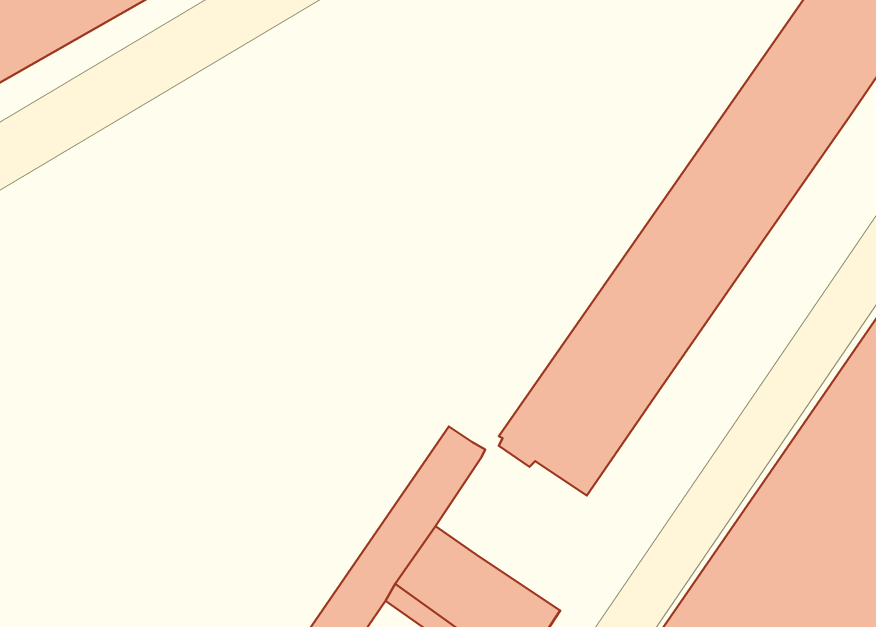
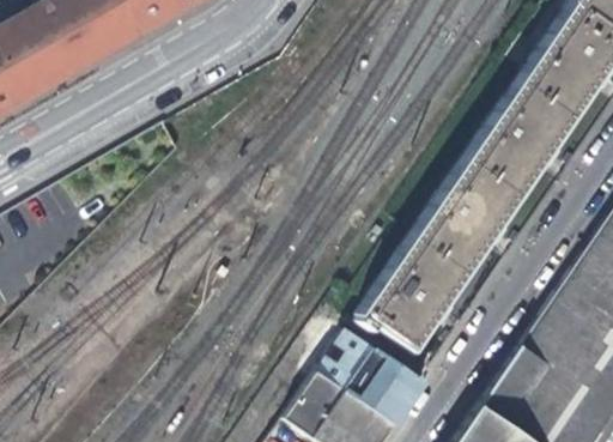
building: none -> [348,333,427,423]

